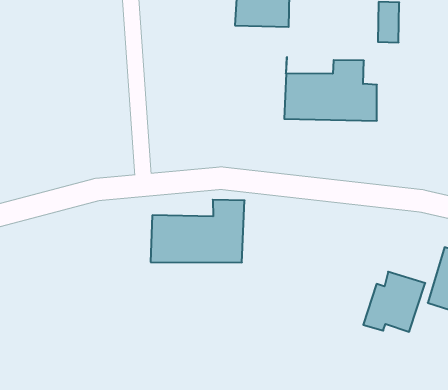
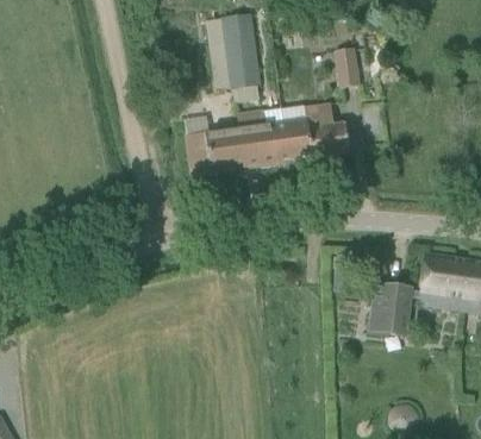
building: [151,200,245,262] -> [187,111,270,176]

